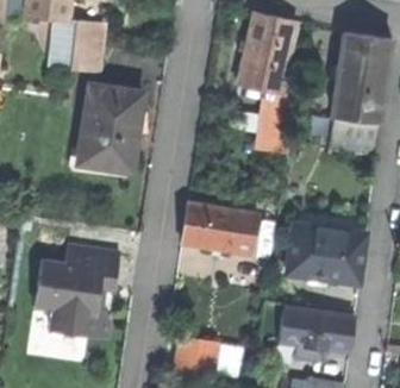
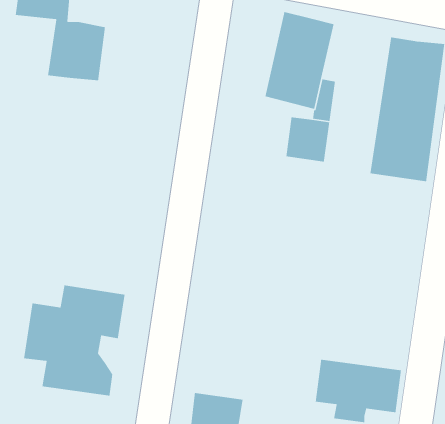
building: [77,85,140,171] -> none
building: [181,202,258,255] -> none
building: [286,223,364,283] -> none

